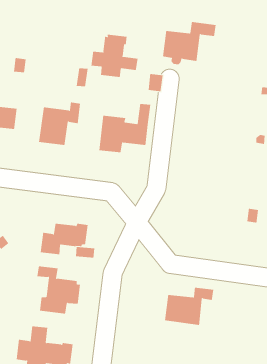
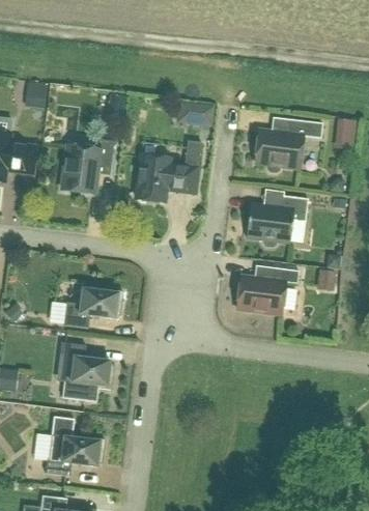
building: [162,21,216,65] -> [255,118,322,172]
building: [91,34,138,78] -> none
building: none -> [246,195,308,247]
building: [164,287,214,326] -> [236,266,299,314]

